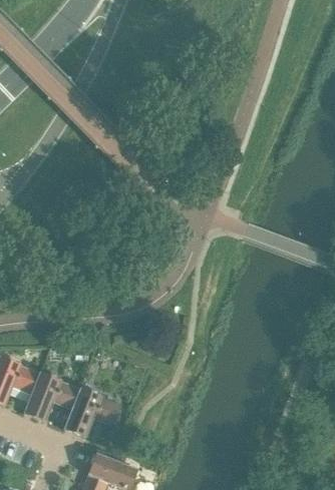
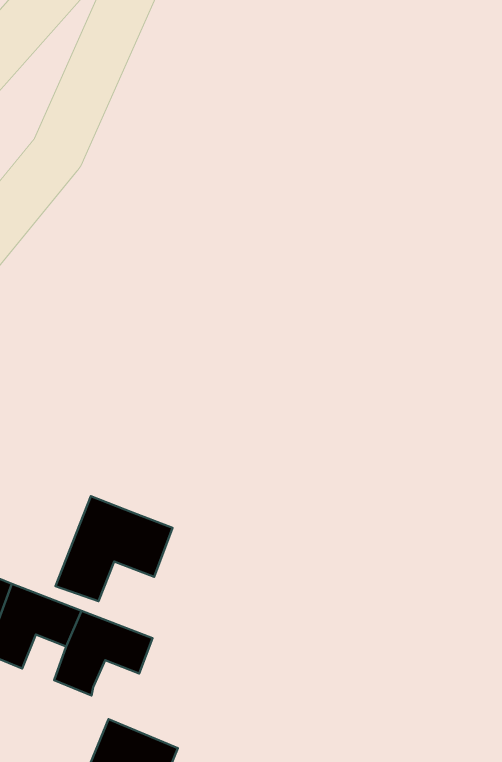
building: none -> [56,496,172,601]

